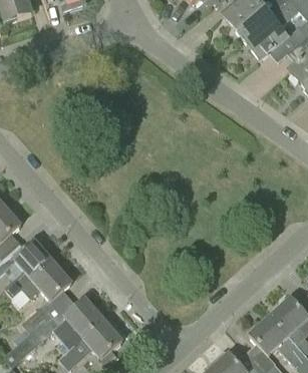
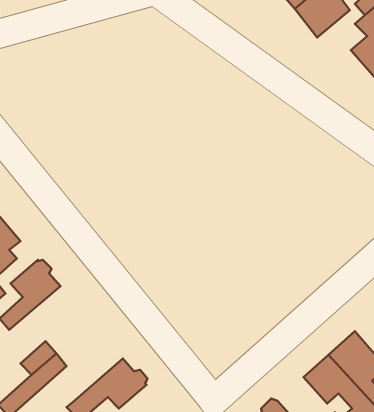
building: [11,261,71,301] -> none
building: [55,298,102,354] -> none

